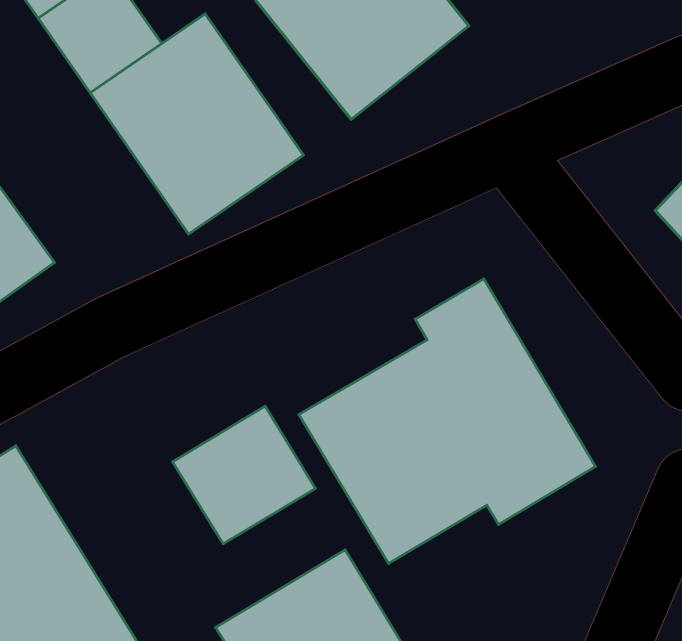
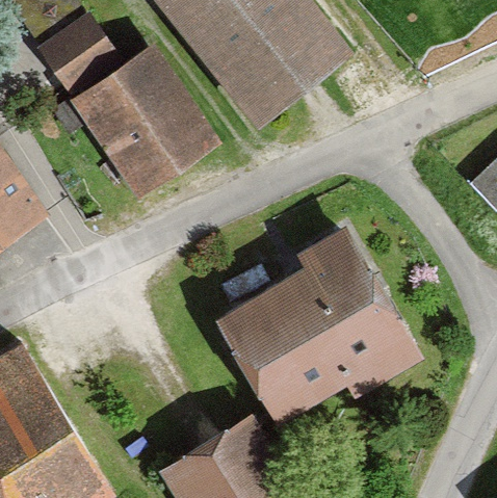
building: [173,406,316,544] -> none

